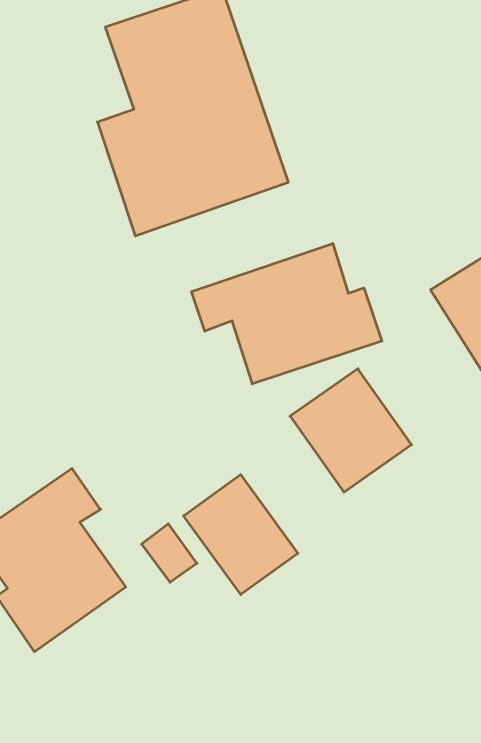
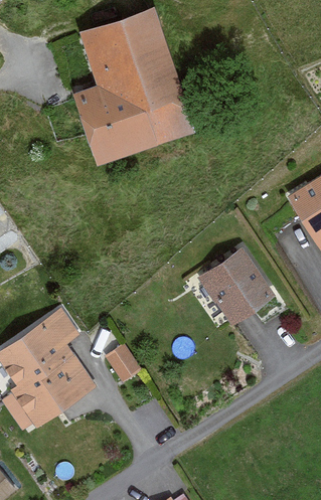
building: [192,243,382,384] -> none
building: [184,475,298,595] -> none

